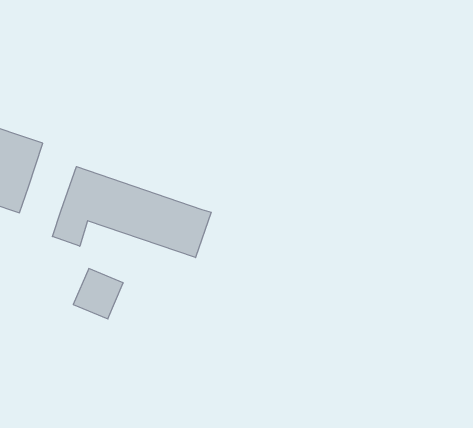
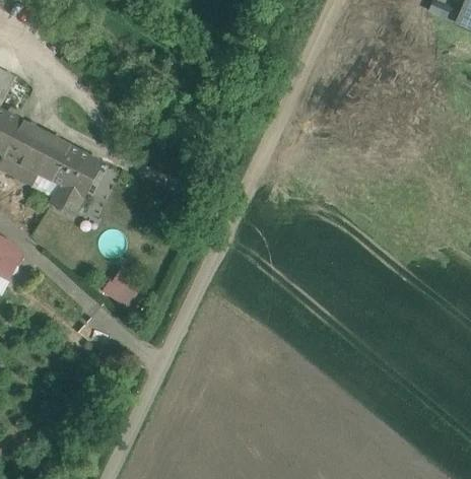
building: [52,167,211,258] -> none

